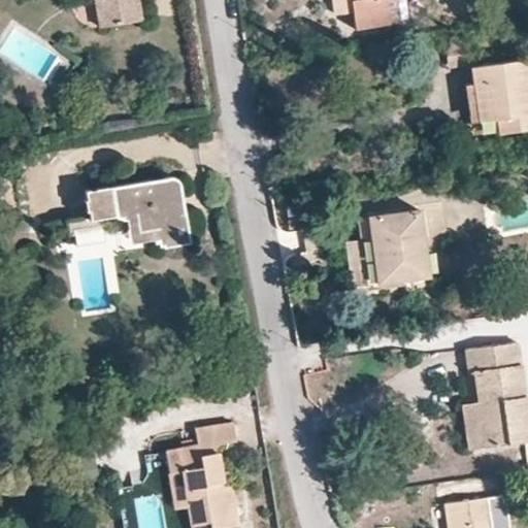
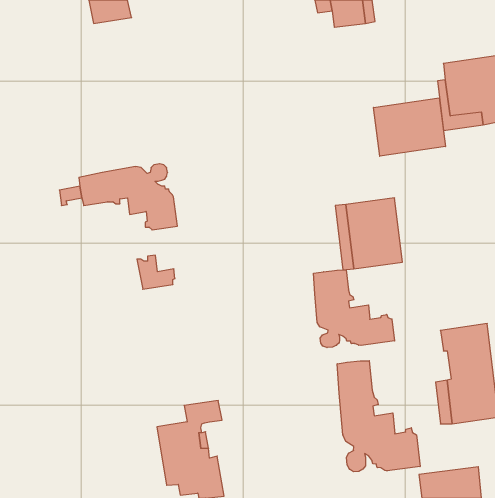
building: none -> [374,98,445,156]
building: [119,209,159,245] -> [137,255,175,289]
building: none -> [314,270,395,348]
building: none -> [337,361,420,472]

